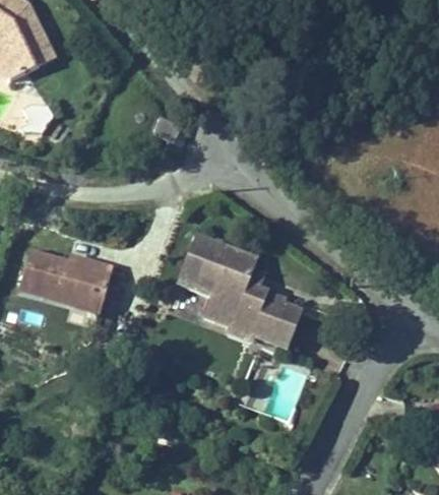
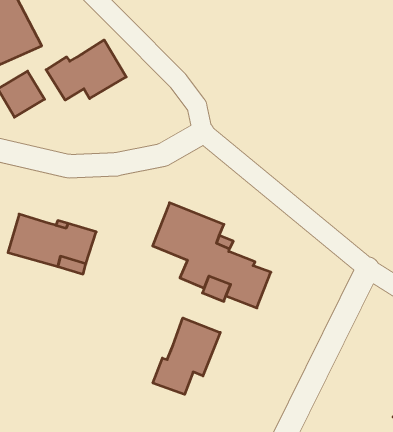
building: none -> [46,40,126,100]
building: none -> [153,318,220,394]

